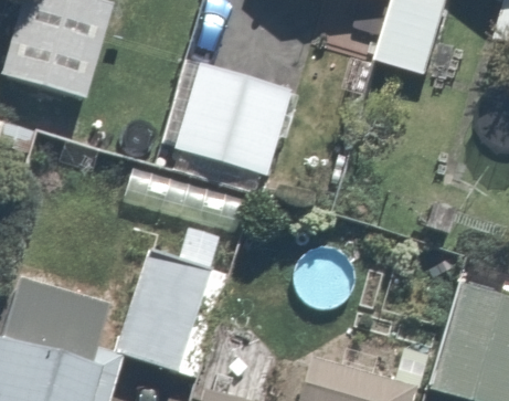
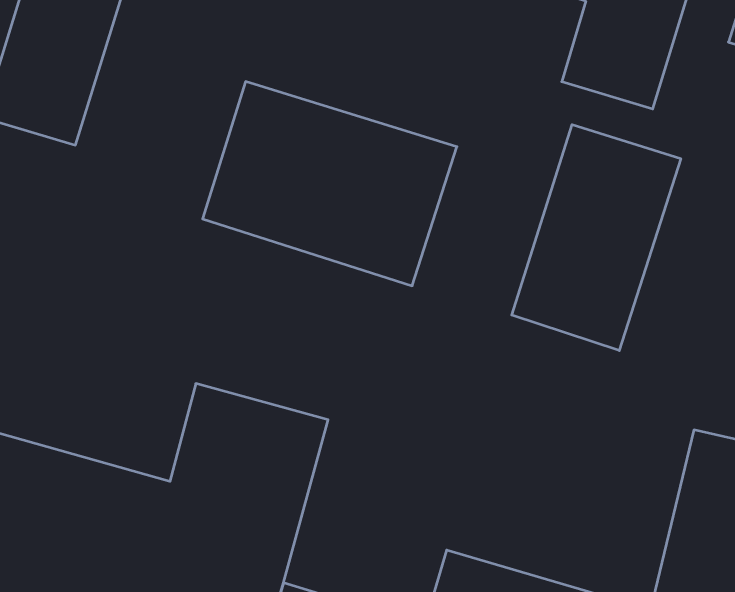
building: none -> [512,125,681,351]

